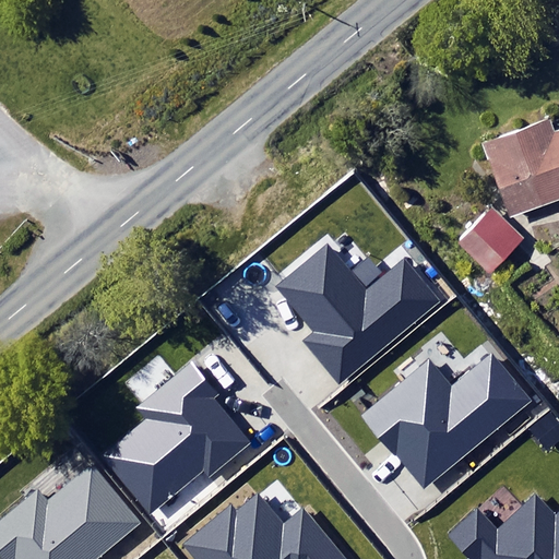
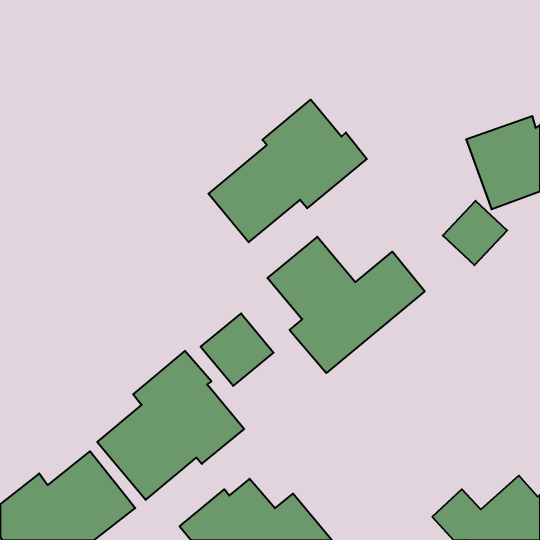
building: none -> [208,100,367,242]
building: none -> [201,313,274,386]
building: [359,354,531,491] -> none

